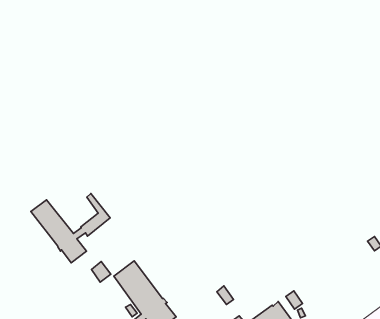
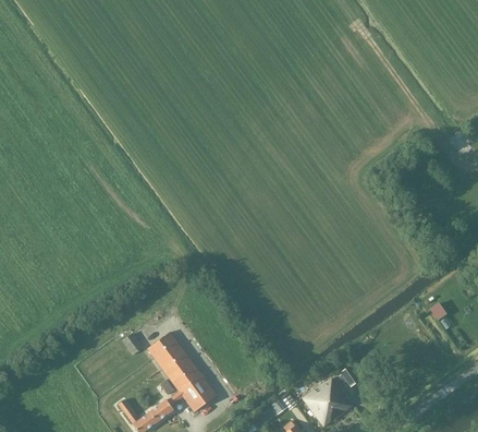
building: [31,194,110,263] -> none

